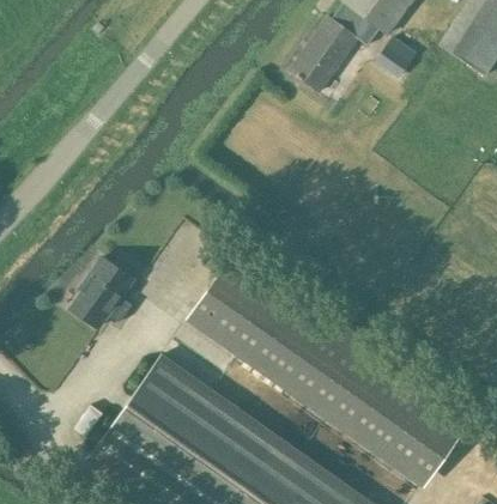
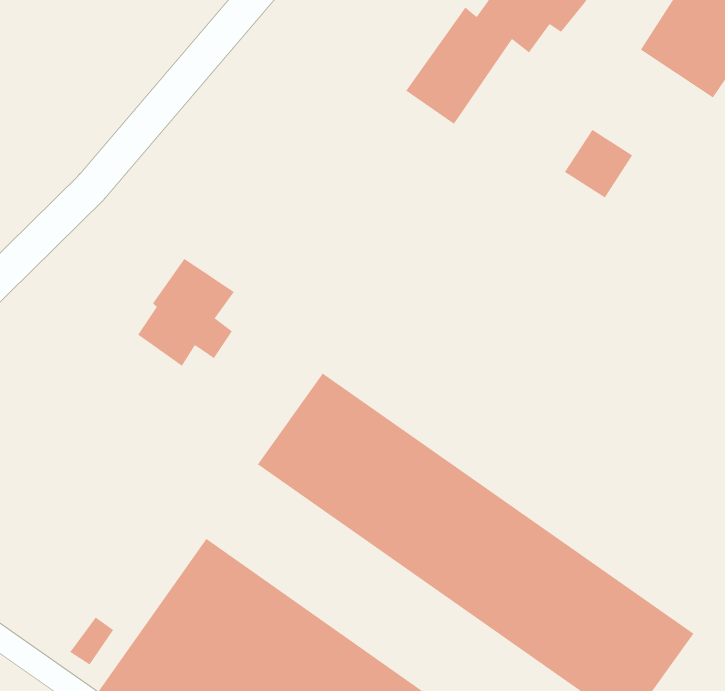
building: [370,38,414,83] -> [564,129,633,198]
building: [68,262,131,332] -> [137,258,235,367]

